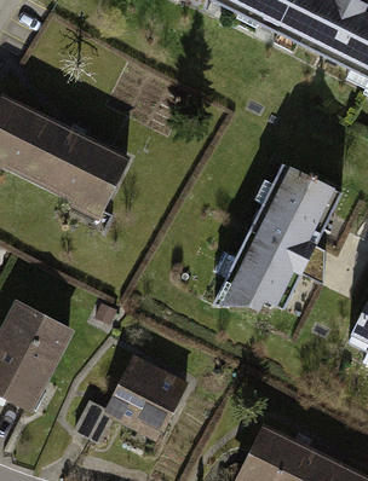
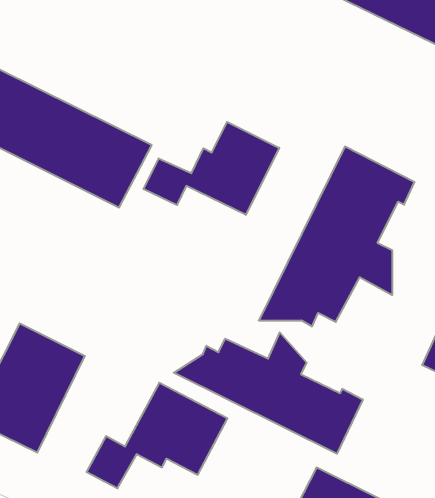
building: none -> [143,122,279,215]
building: none -> [174,332,363,454]

